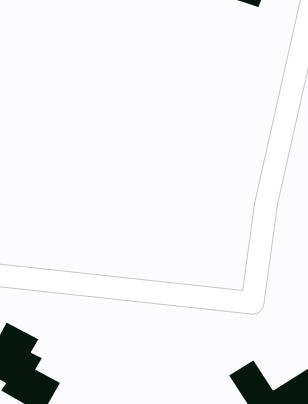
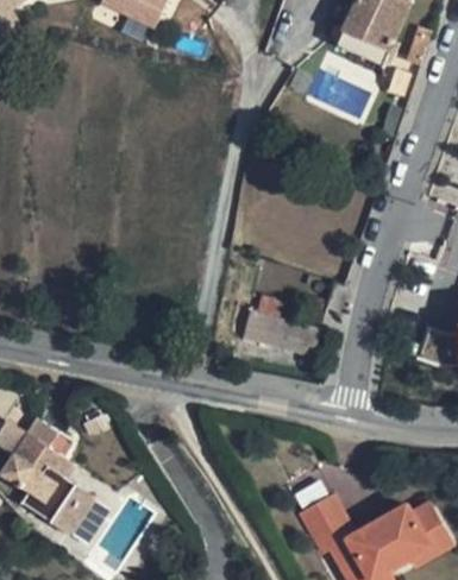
building: none -> [241,310,320,355]

